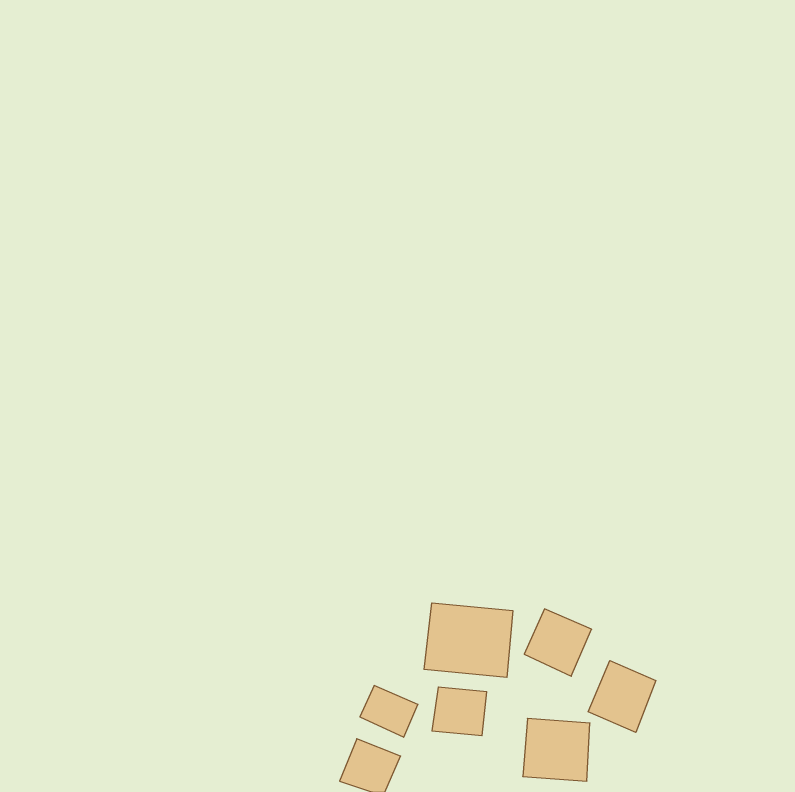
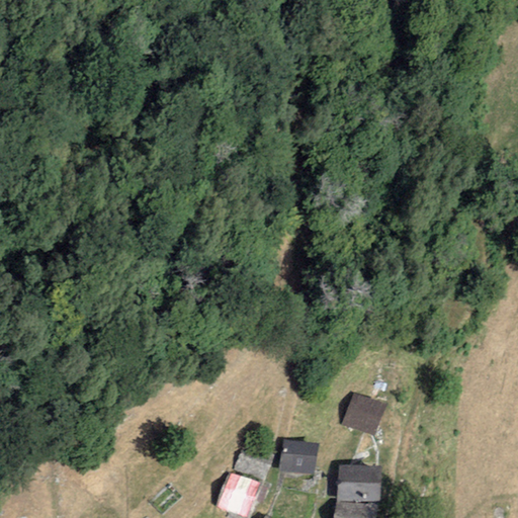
building: [424,603,513,677] -> none
building: [588,661,656,732] -> none

